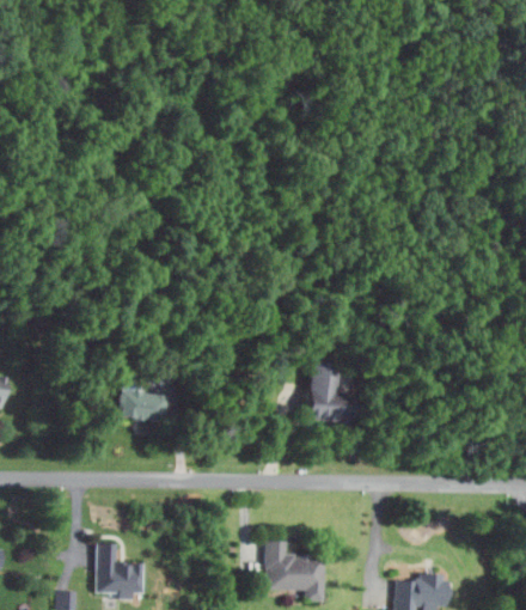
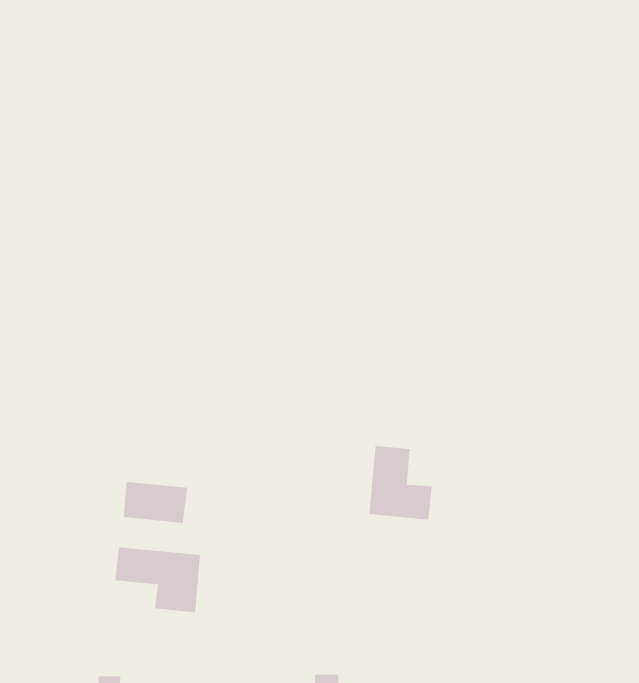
building: none -> [115,546,200,613]

